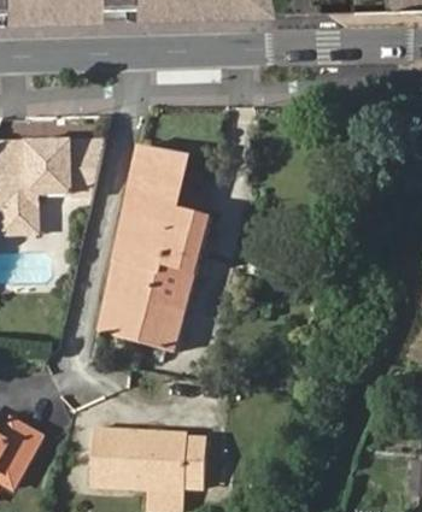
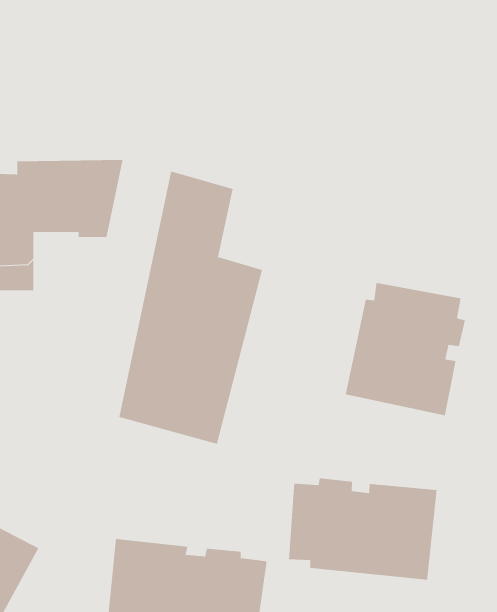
building: none -> [345,282,465,416]
building: none -> [288,477,437,581]

